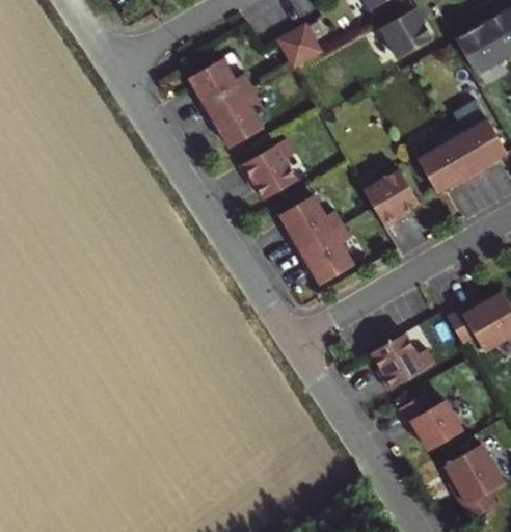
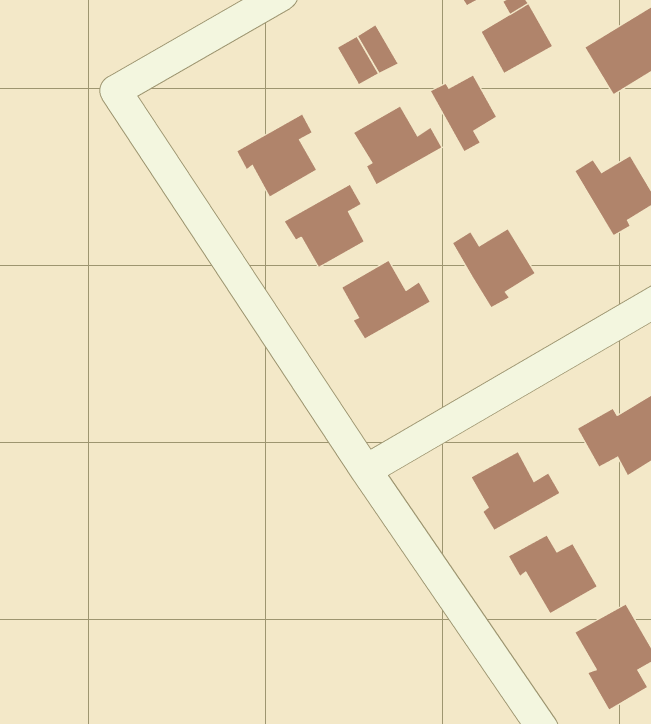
building: [187,58,251,115] -> [353,106,442,185]
building: none -> [430,75,497,152]
building: [419,130,476,193] -> none
building: [296,224,354,285] -> none

